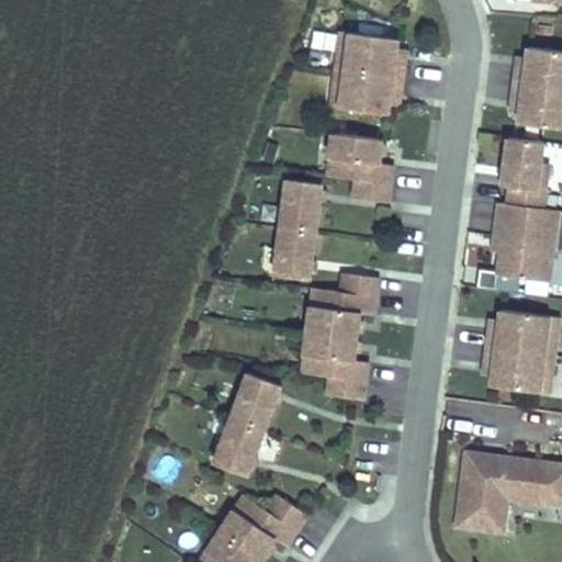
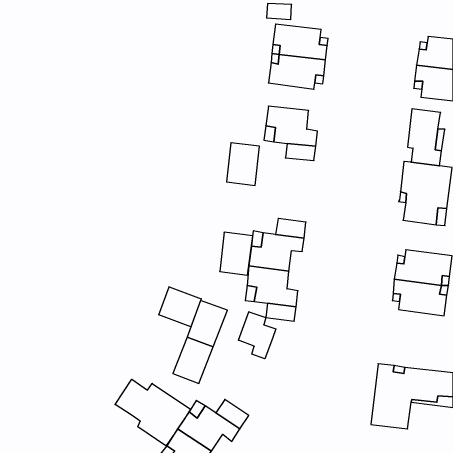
building: [273,227,314,280] -> [220,232,253,275]
building: none -> [159,287,201,327]
building: none -> [238,312,276,359]
building: none -> [115,379,191,446]

